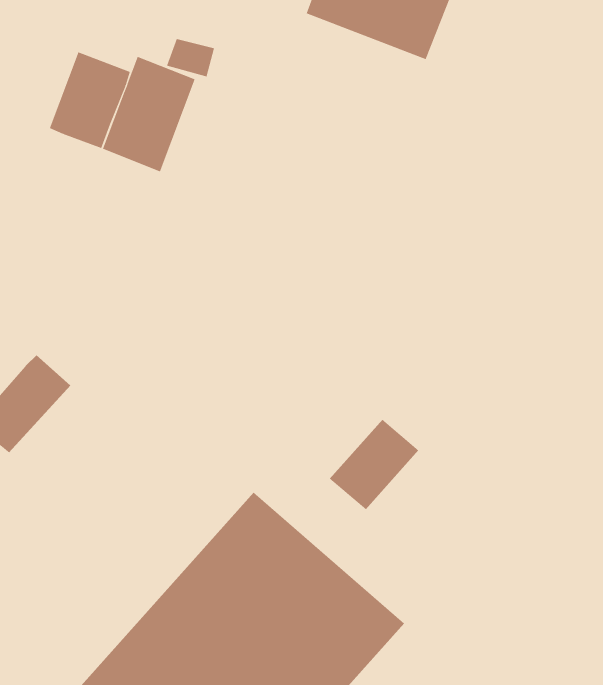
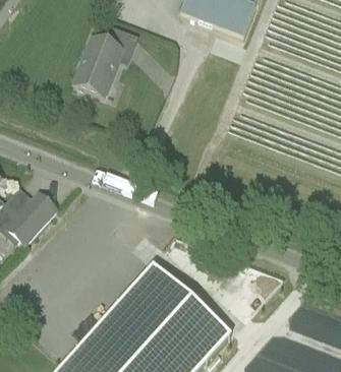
building: [49,51,130,149] -> none
building: [329,419,419,510] -> none

